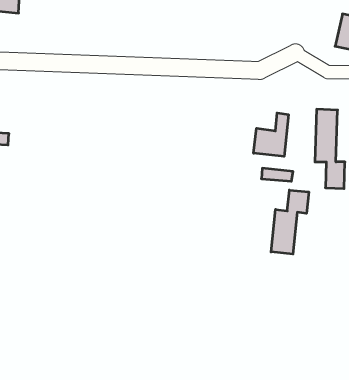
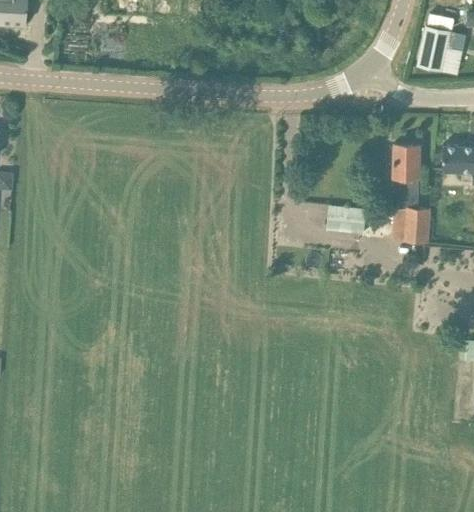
building: [254,113,288,156] -> none
building: [271,190,309,254] -> none

